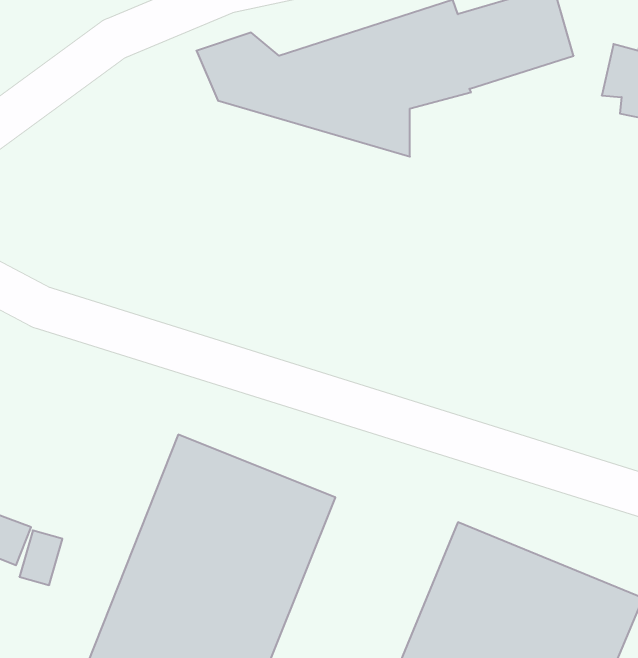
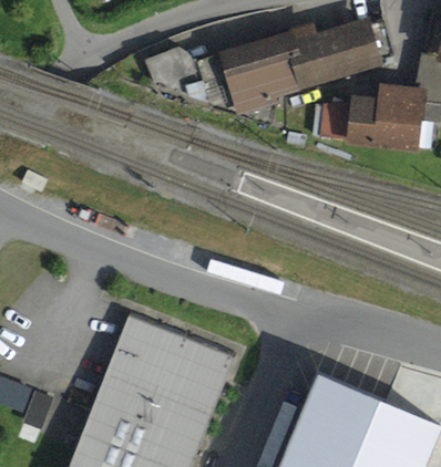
building: none -> [319,84,427,154]

